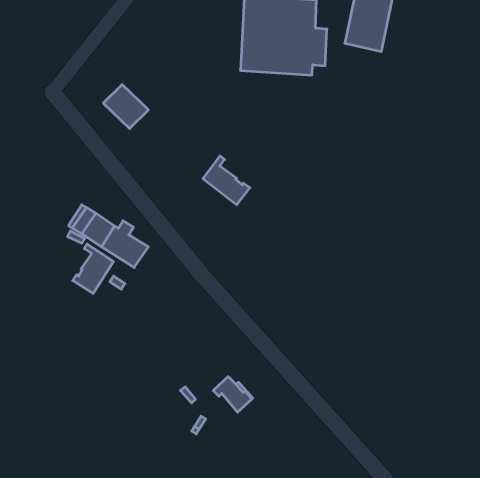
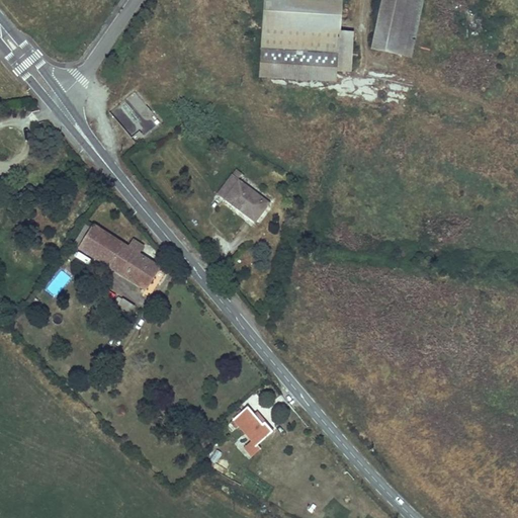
building: [73,244,113,293] -> none

